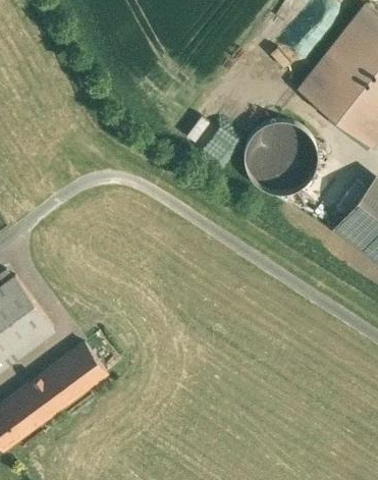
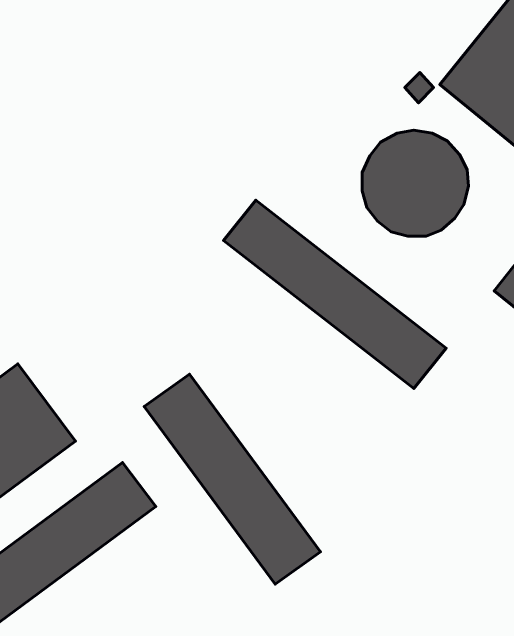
building: none -> [224,200,446,389]
building: none -> [144,374,321,584]

